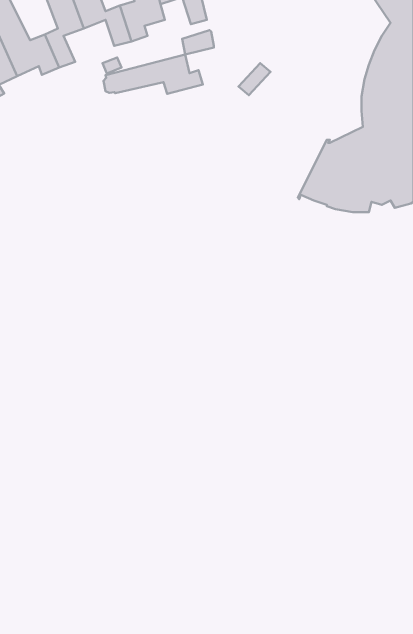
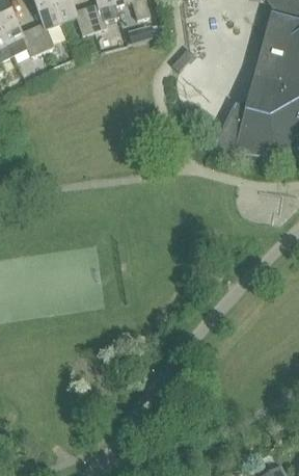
building: [103,55,203,94] -> none

